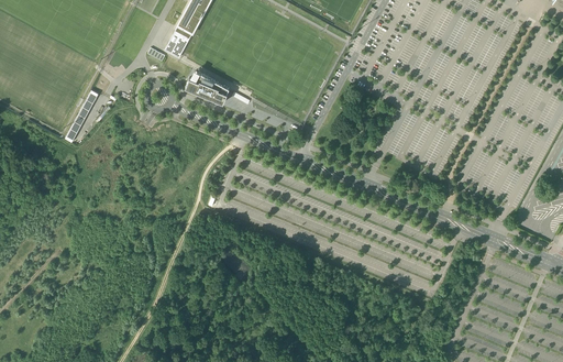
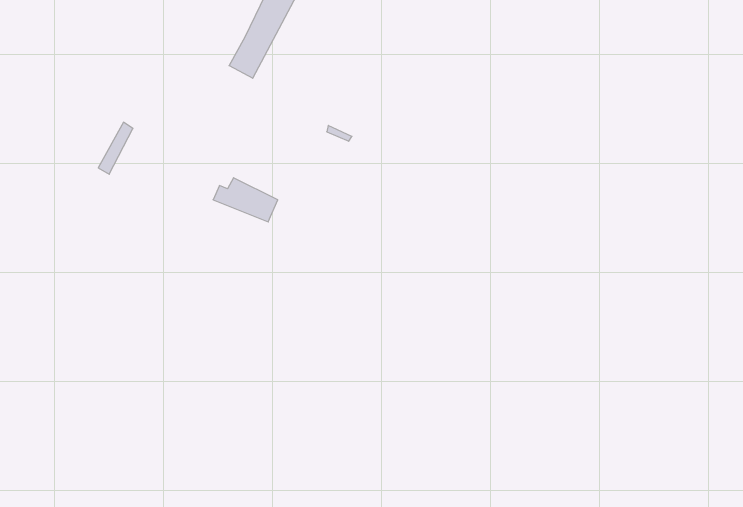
building: [186,74,231,105] -> [213,178,278,222]

